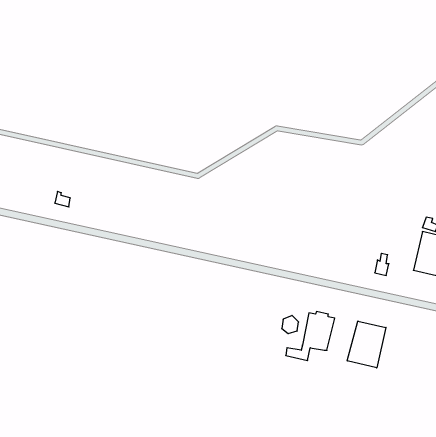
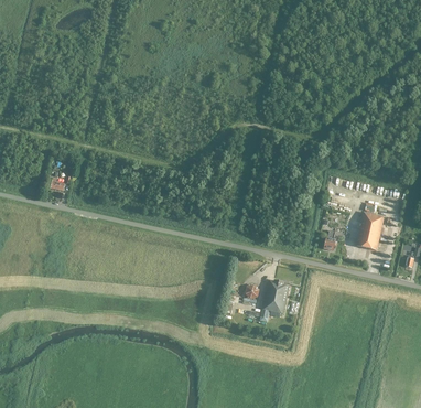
building: [347,321,386,368] -> none

